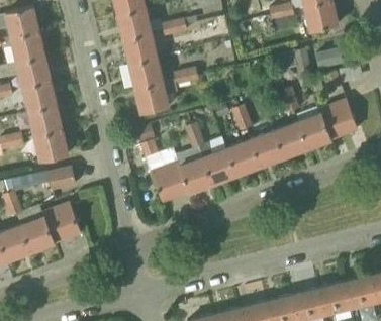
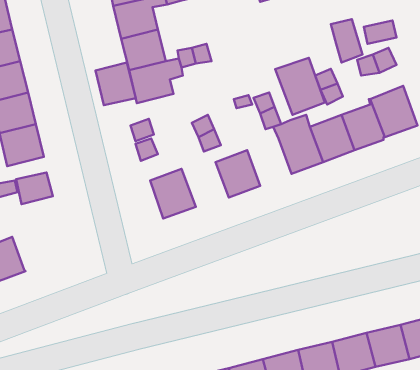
building: none -> [275,58,325,115]
building: none -> [96,62,136,105]
building: [225,139,260,176] -> none
building: [175,157,211,193] -> none
building: [43,202,80,240] -> none

